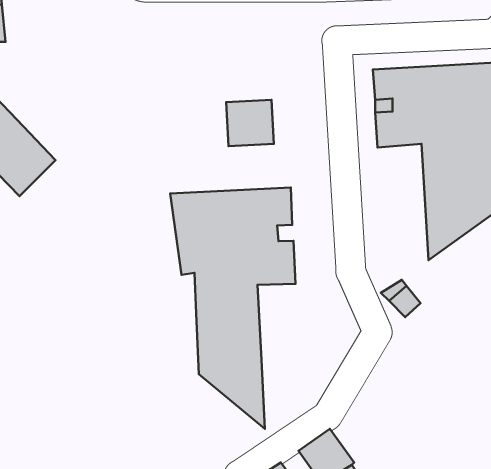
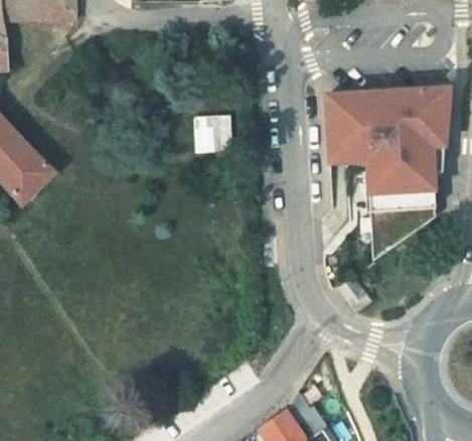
building: [170,187,296,429] -> none

